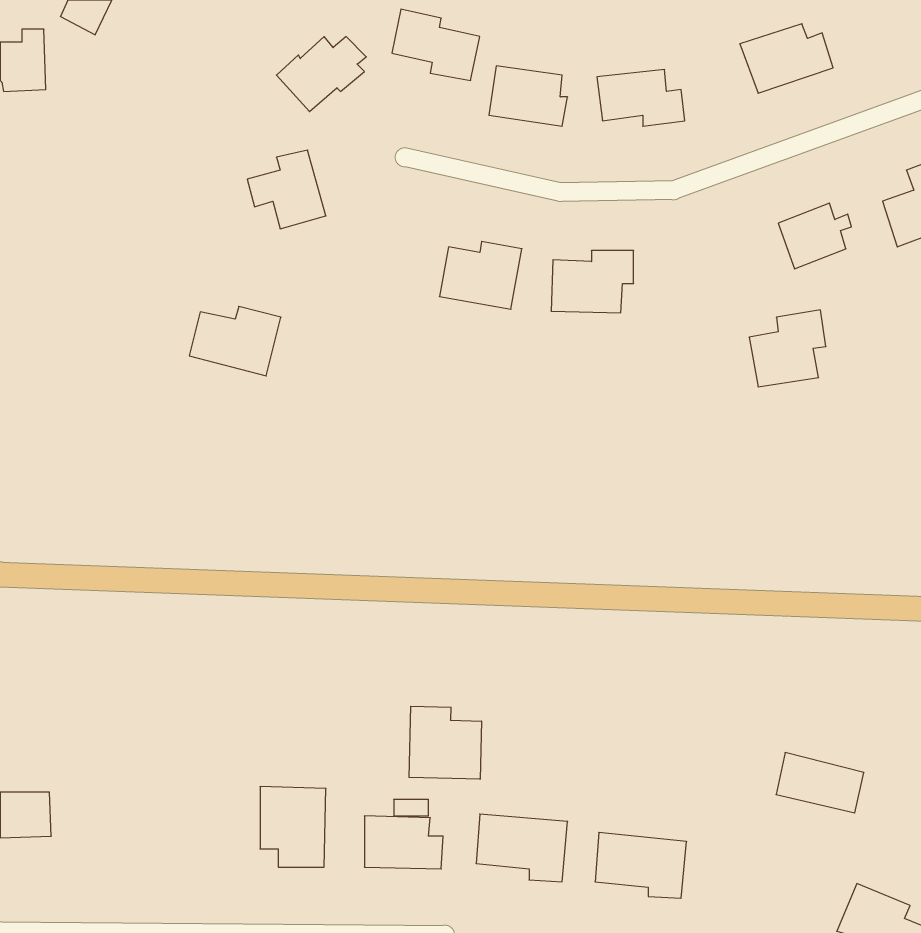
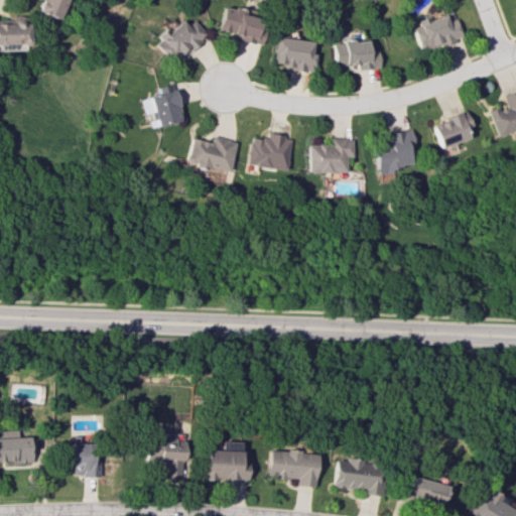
building: [189,306,281,376] -> [189,136,240,174]
building: [749,310,826,387] -> [377,130,419,172]
building: [409,706,481,779] -> none
building: [776,753,864,813] -> [400,475,448,508]
building: none -> [69,443,97,474]

